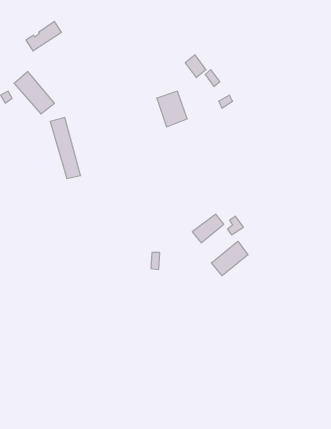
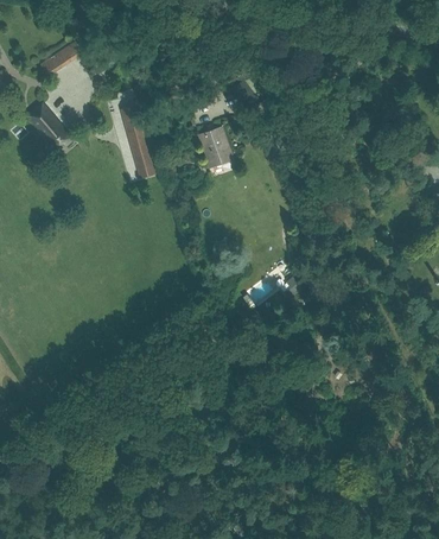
building: [50,118,81,179] -> [119,103,155,177]
building: [211,241,248,276] -> none

